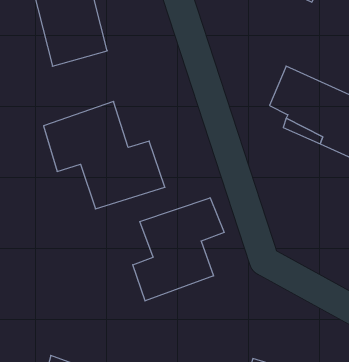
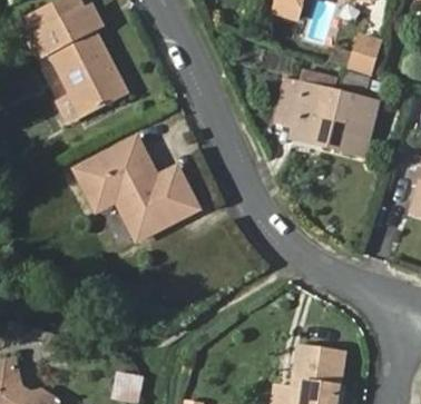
building: [133,198,224,301] -> none

